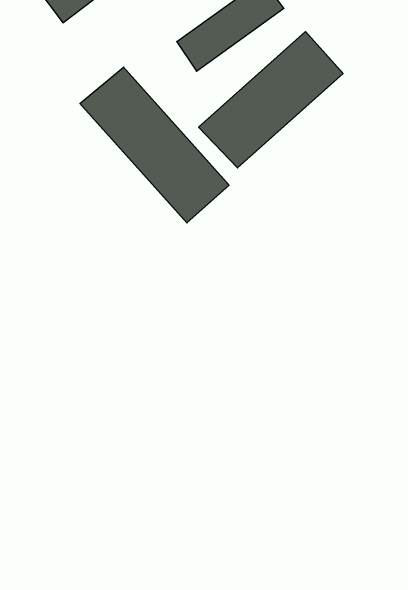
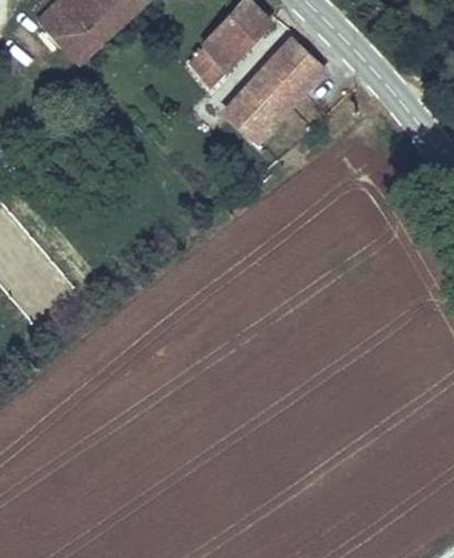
building: [80,67,229,223] -> none

